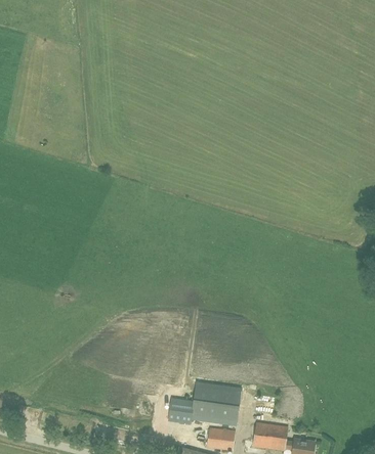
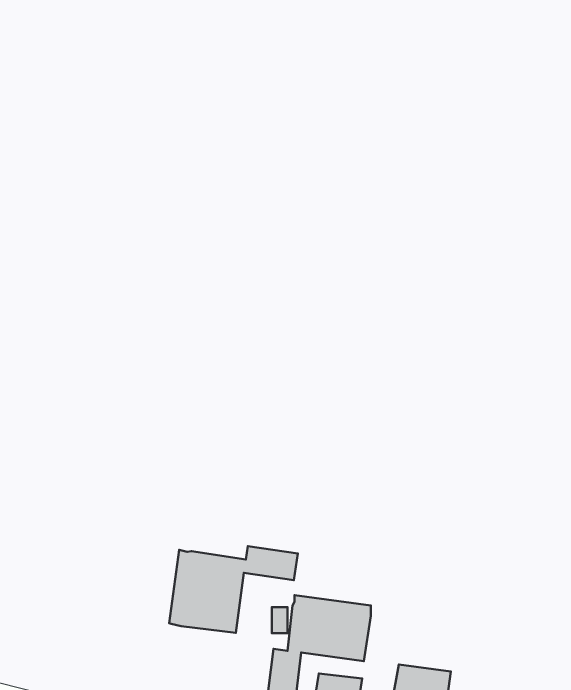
building: none -> [169,546,298,633]

